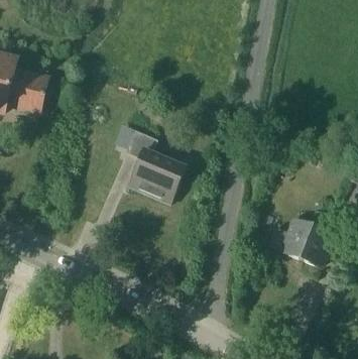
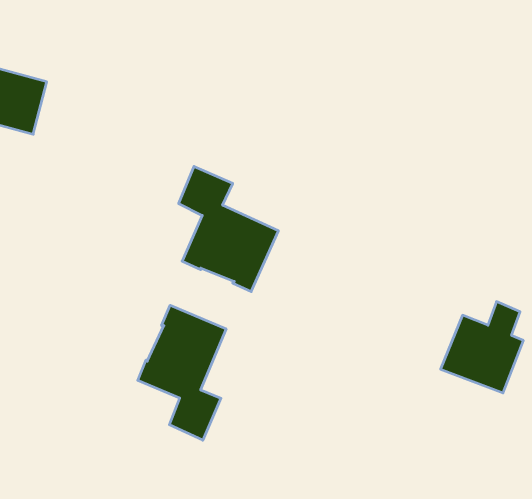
building: none -> [138,305,226,440]

